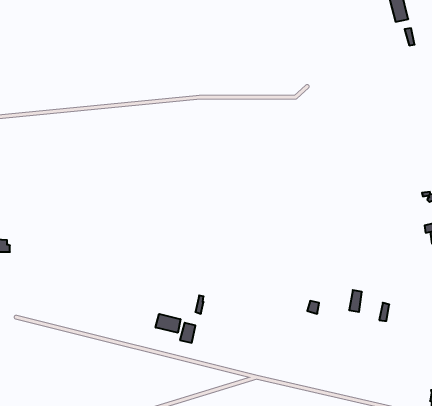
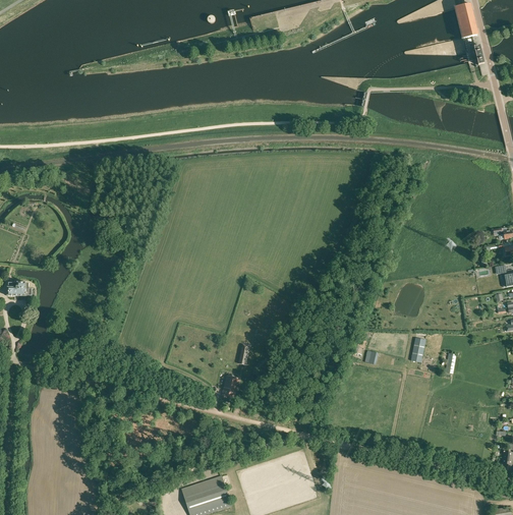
building: [156,314,180,333] -> none

